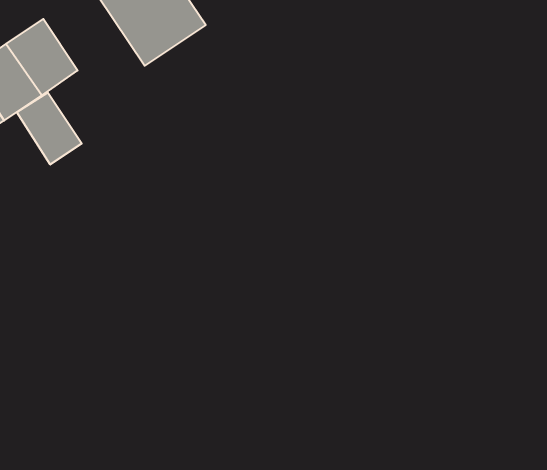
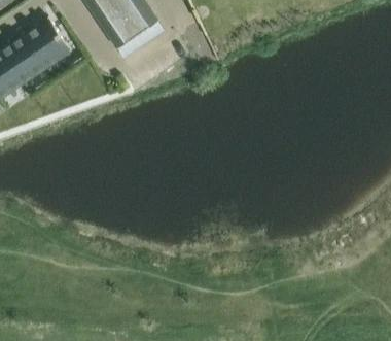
building: [17,93,82,165] -> none

